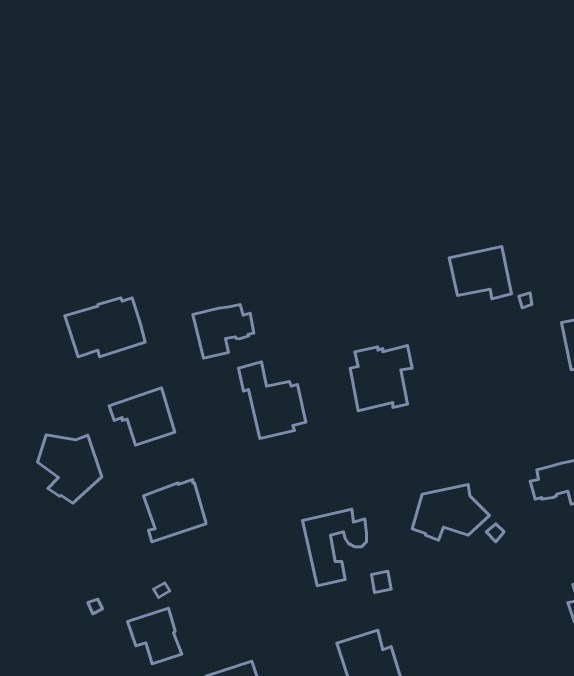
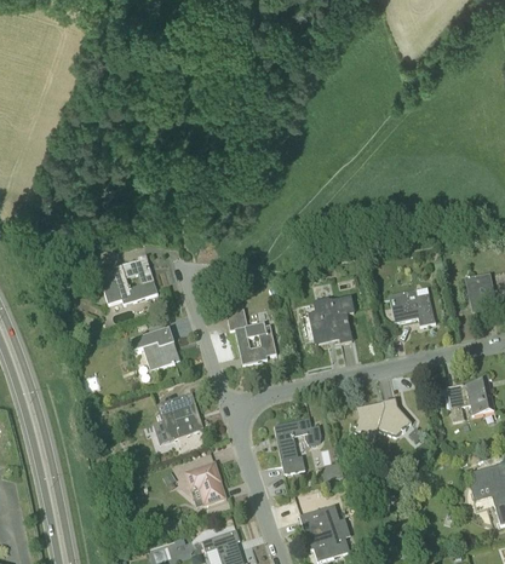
building: [449,247,512,299] -> [389,286,435,324]
building: [193,305,254,358] -> none
building: [38,435,102,503] -> none
building: [128,608,182,664] -> [185,462,225,503]

